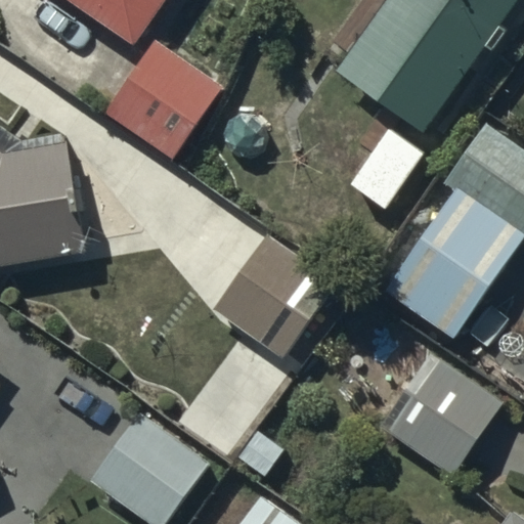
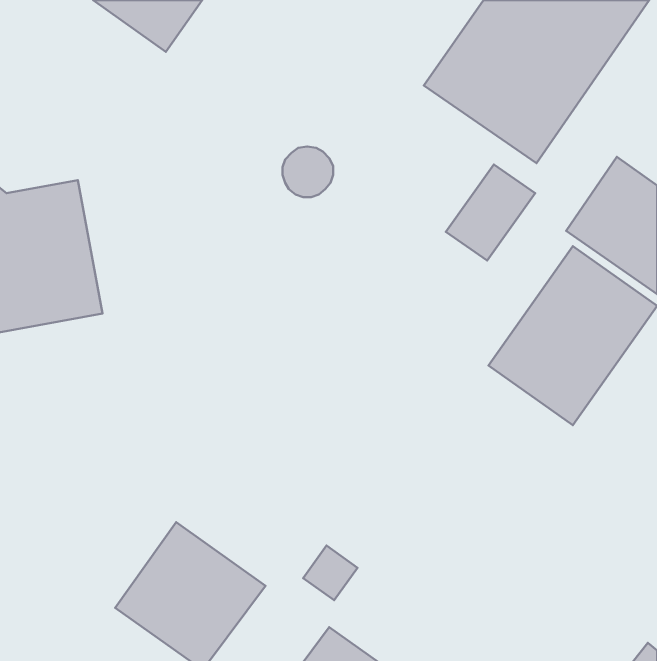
building: [105,40,220,157] -> none
building: [215,235,335,356] -> none
building: [382,353,501,473] -> none

